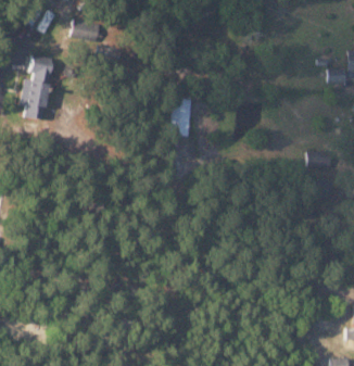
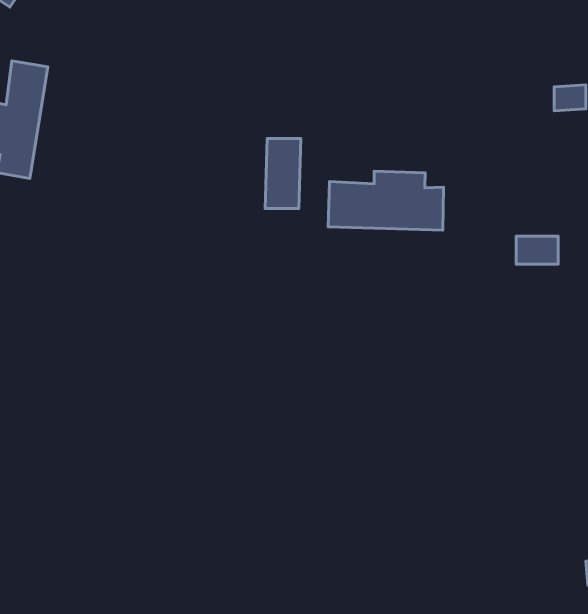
building: none -> [328,171,443,230]

